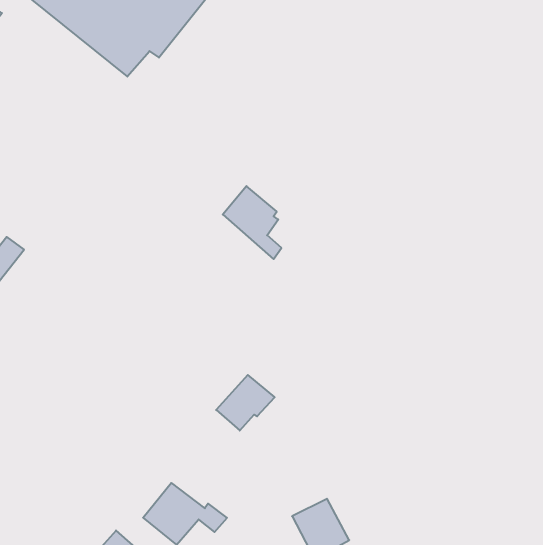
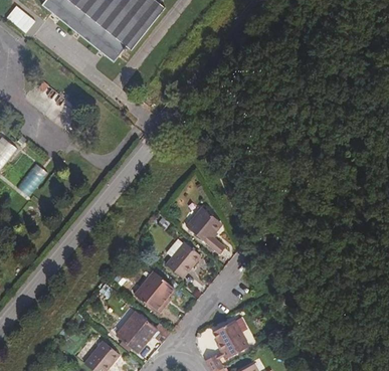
building: [223,186,281,259] -> [191,214,228,260]
building: none -> [138,280,176,317]

